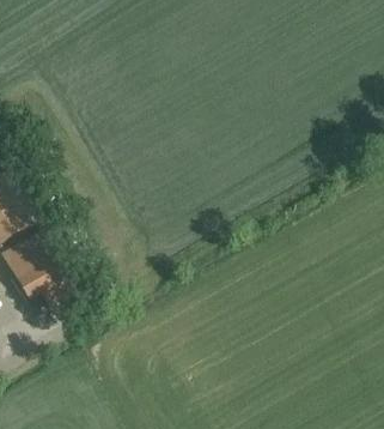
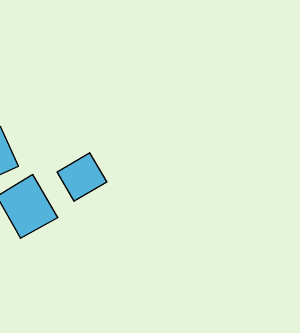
building: none -> [57,153,107,201]

